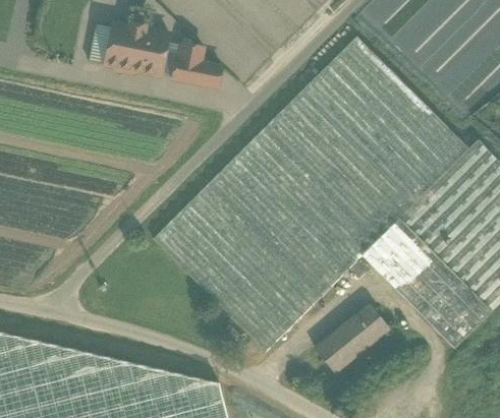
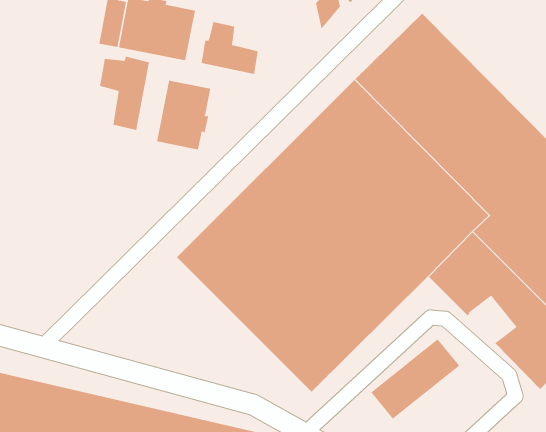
building: none -> [100,56,149,131]
building: none -> [156,80,211,150]
building: [396,272,434,310] -> none

